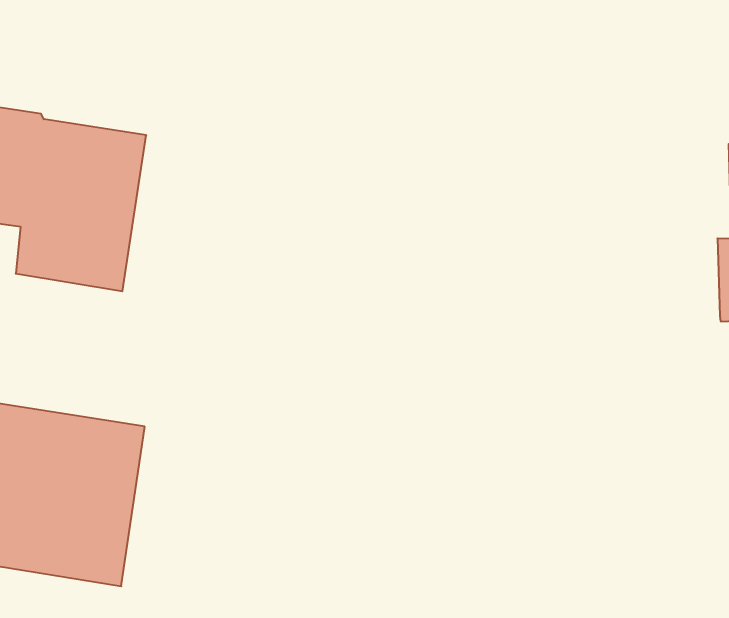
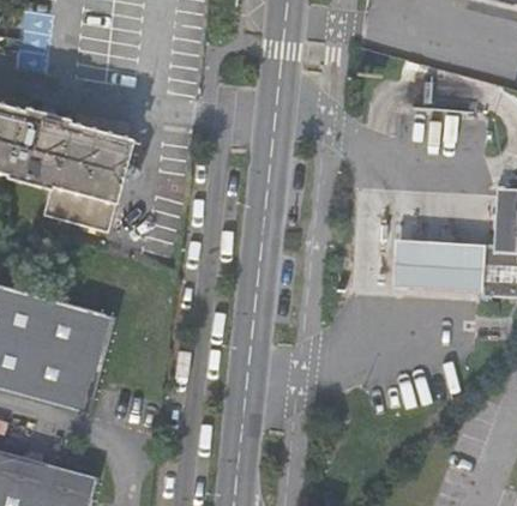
building: none -> [391,236,483,290]

